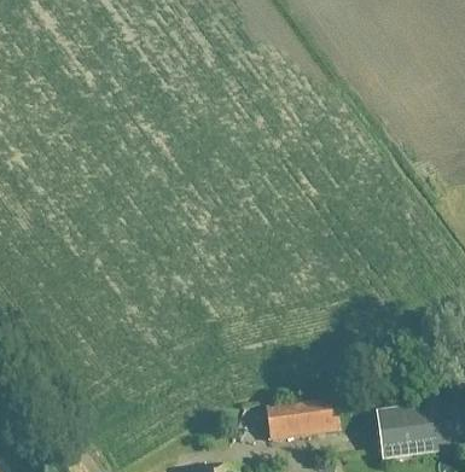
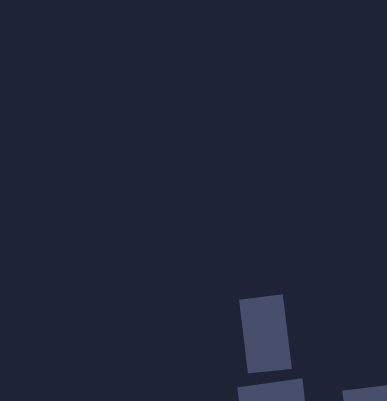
building: none -> [238,294,293,374]

